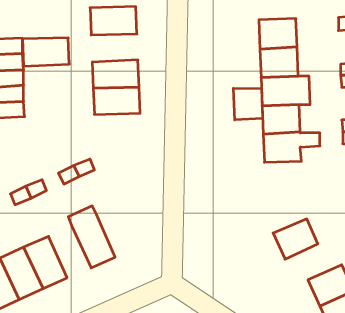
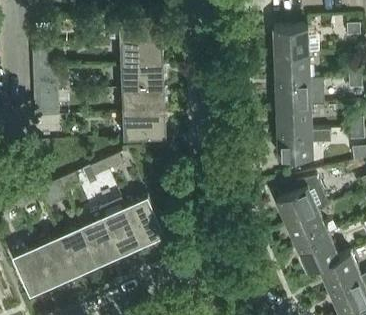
building: [22,38,69,66] -> [120,42,163,68]
building: [233,88,263,120] -> none
building: none -> [123,115,166,141]
building: none -> [276,179,328,225]
building: none -> [125,198,164,247]
building: none -> [81,218,120,266]
building: none -> [298,235,339,273]

